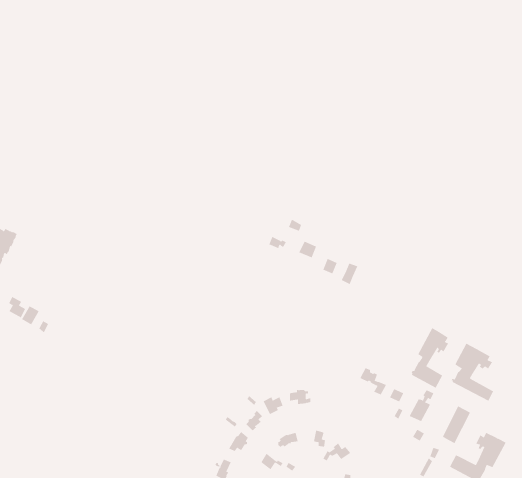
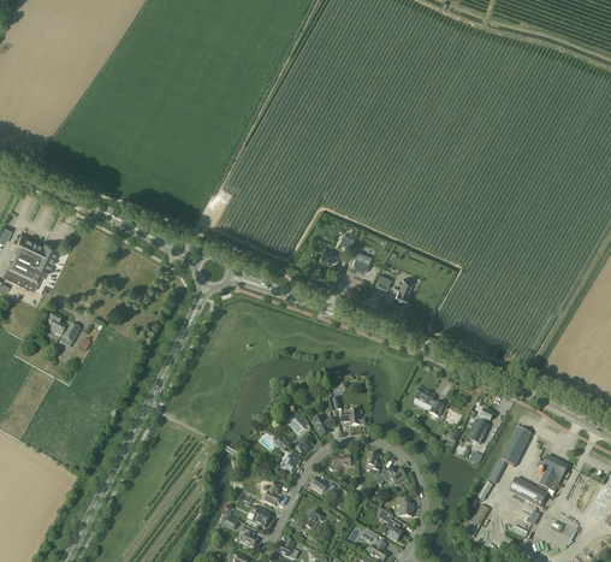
building: [410,327,449,388] -> none
building: [450,343,494,402] -> none

